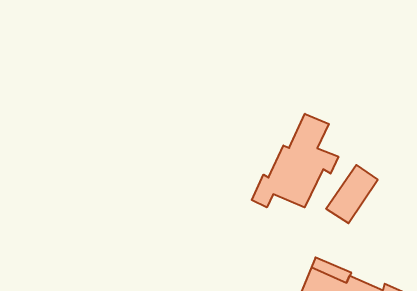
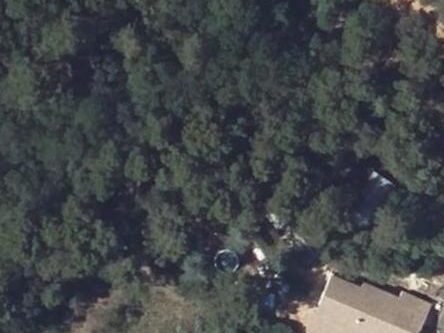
building: [252,114,338,207] -> none

